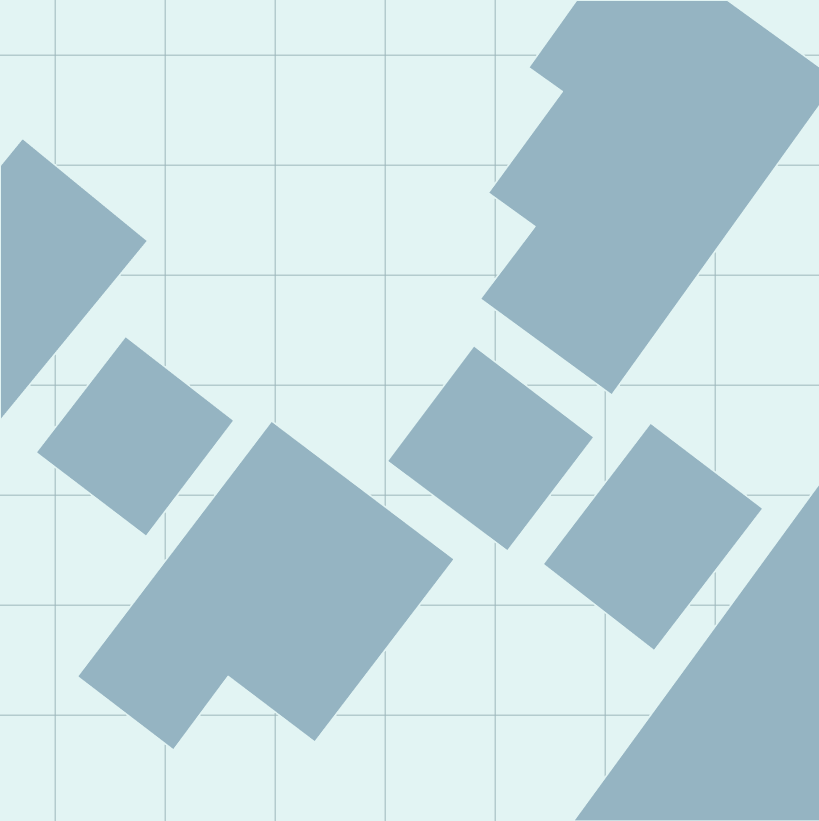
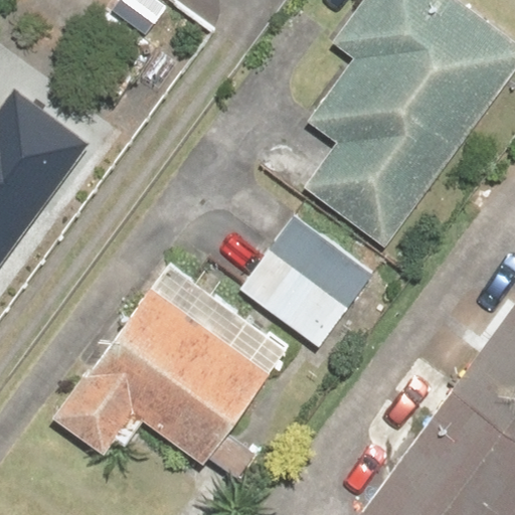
building: [36,336,234,536] -> none
building: [543,423,763,651] -> none

